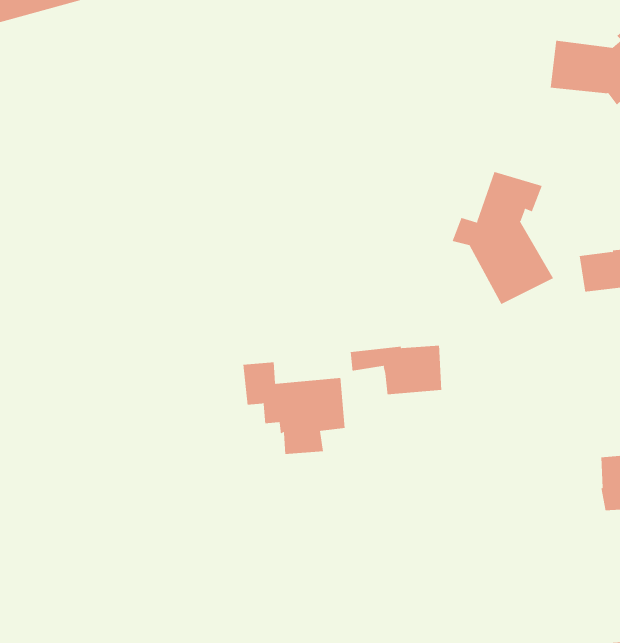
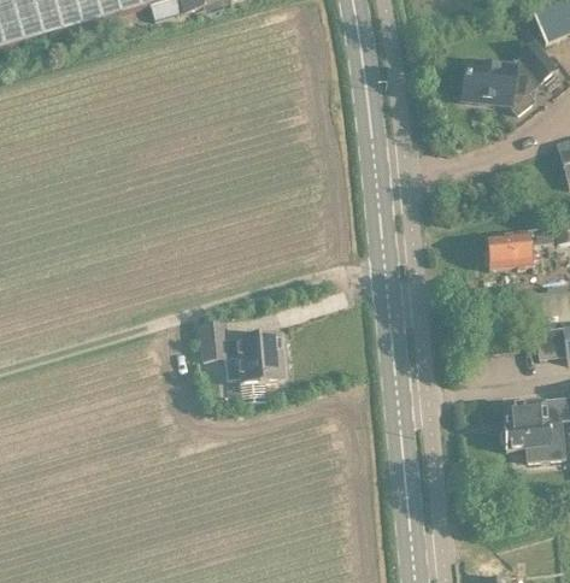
building: [452,171,554,305] -> none
building: [350,345,442,395] -> none

